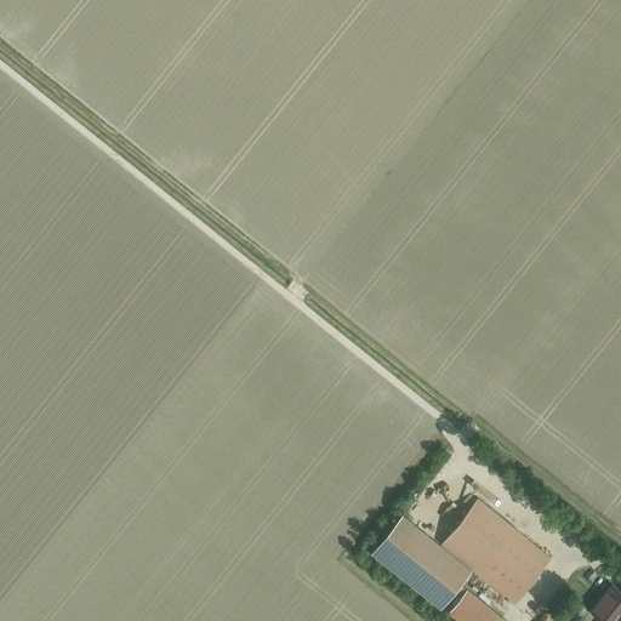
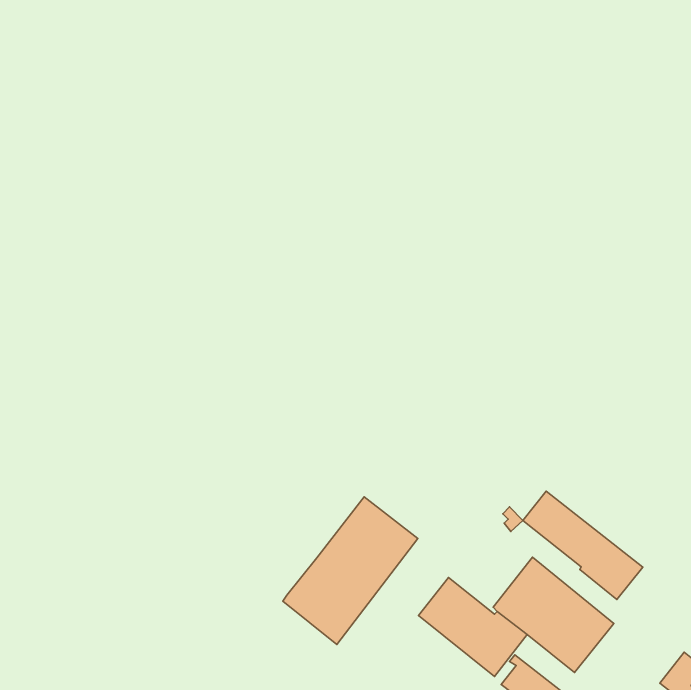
building: none -> [523,491,643,599]
building: none -> [283,497,418,645]

